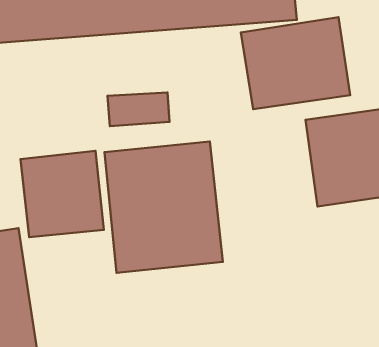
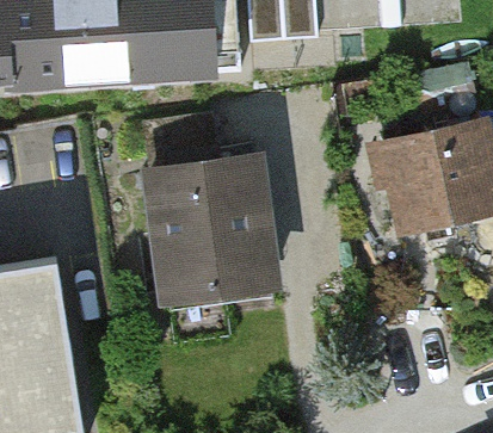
building: [241,17,350,109] -> none
building: [20,151,104,237] -> none

